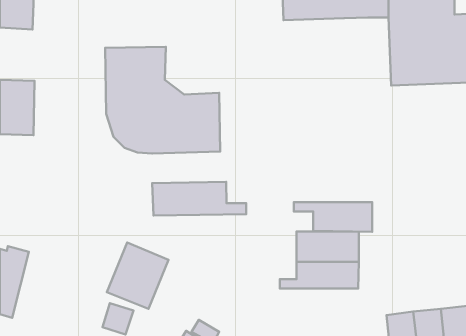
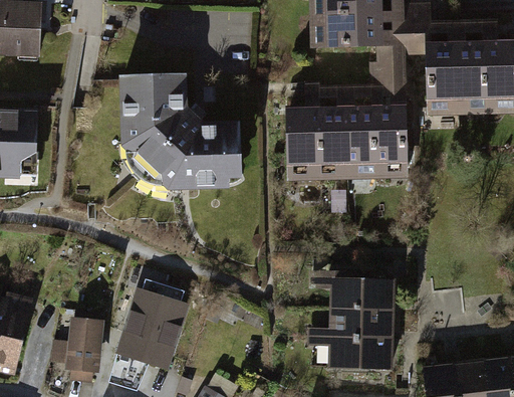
building: none -> [283,42,409,182]
building: [152,182,246,216] -> none
building: [294,202,372,232] -> [307,339,393,371]
building: none -> [51,318,102,386]

